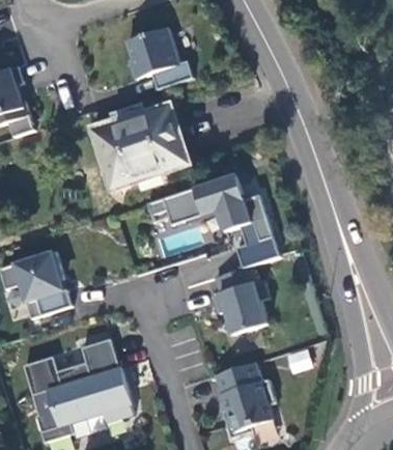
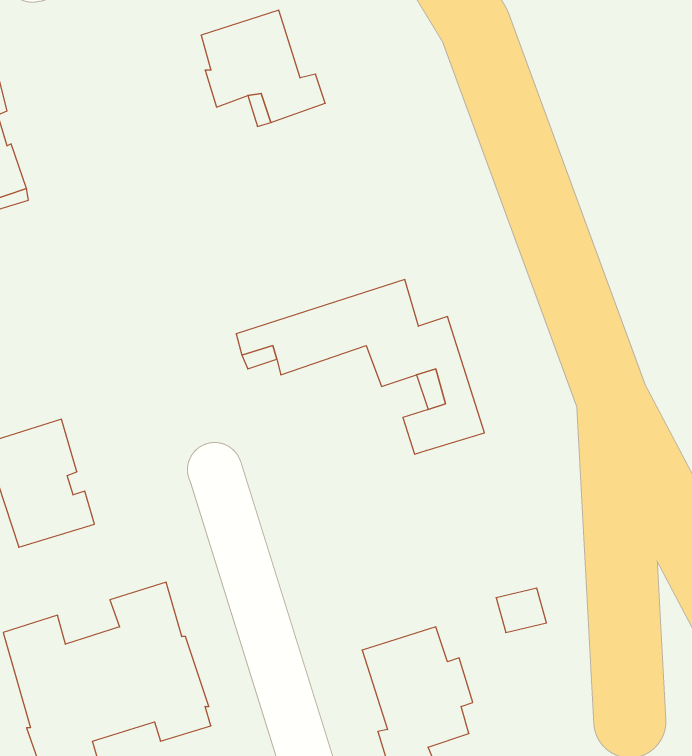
building: [91,104,192,196] -> none
building: [210,265,265,334] -> none

